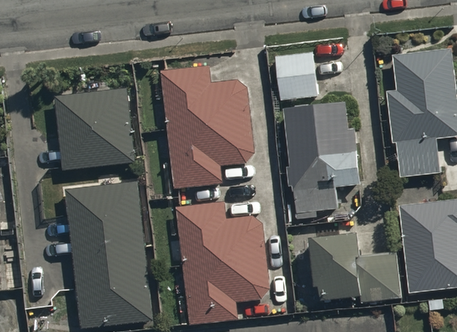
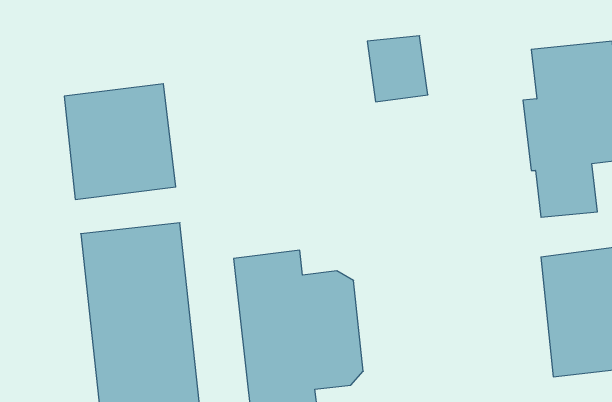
building: [160,66,255,189] -> none
building: [284,104,356,196] -> none
building: [311,238,400,303] -> none

